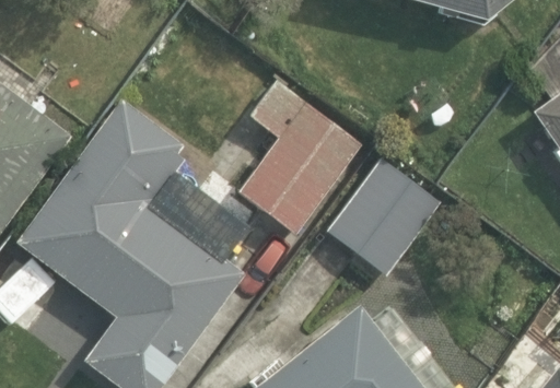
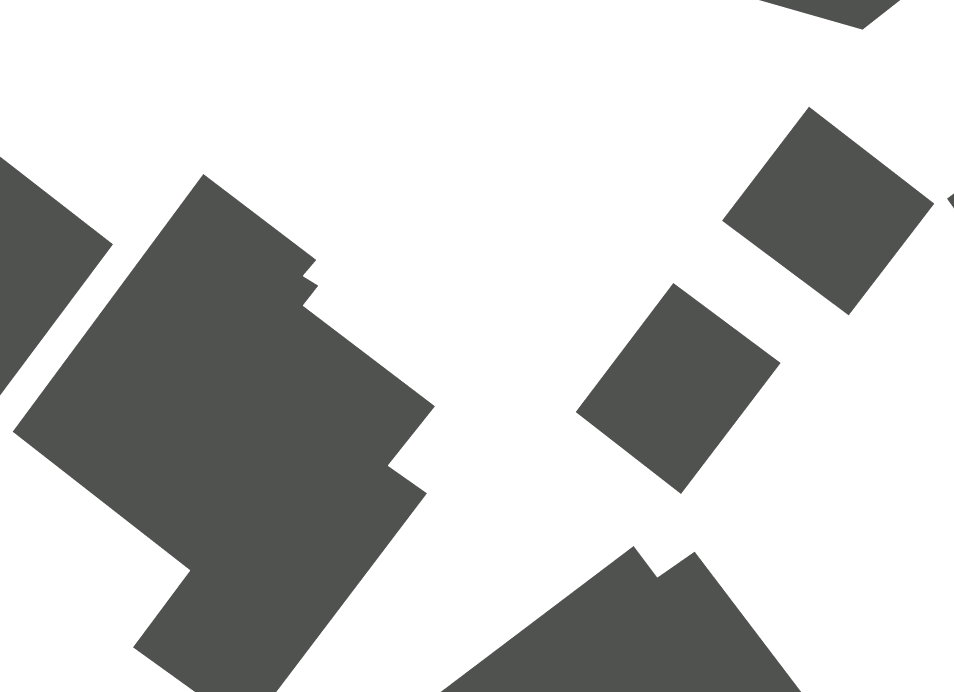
building: none -> [721,105,935,317]
building: [238,102,363,237] -> none

